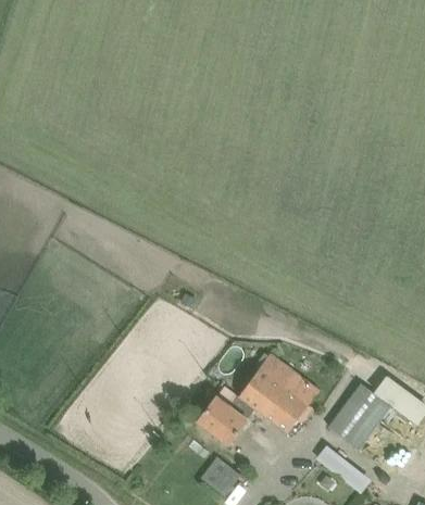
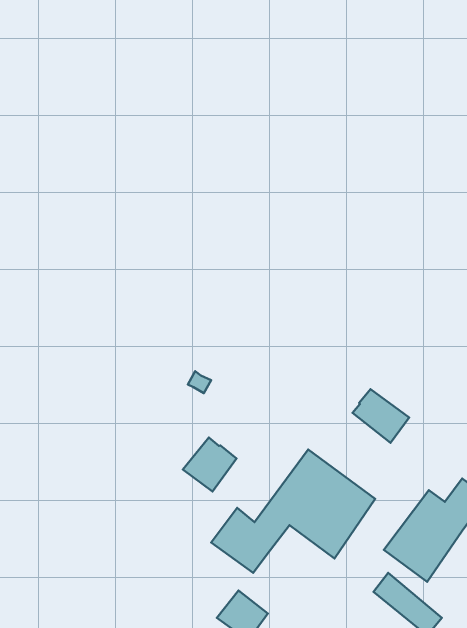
building: none -> [352,389,409,443]
building: none -> [183,438,237,491]

